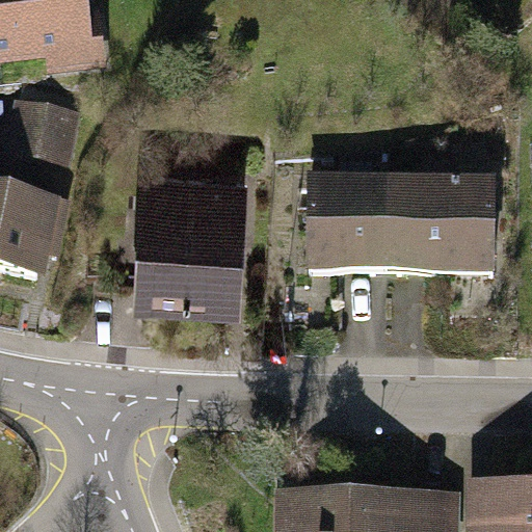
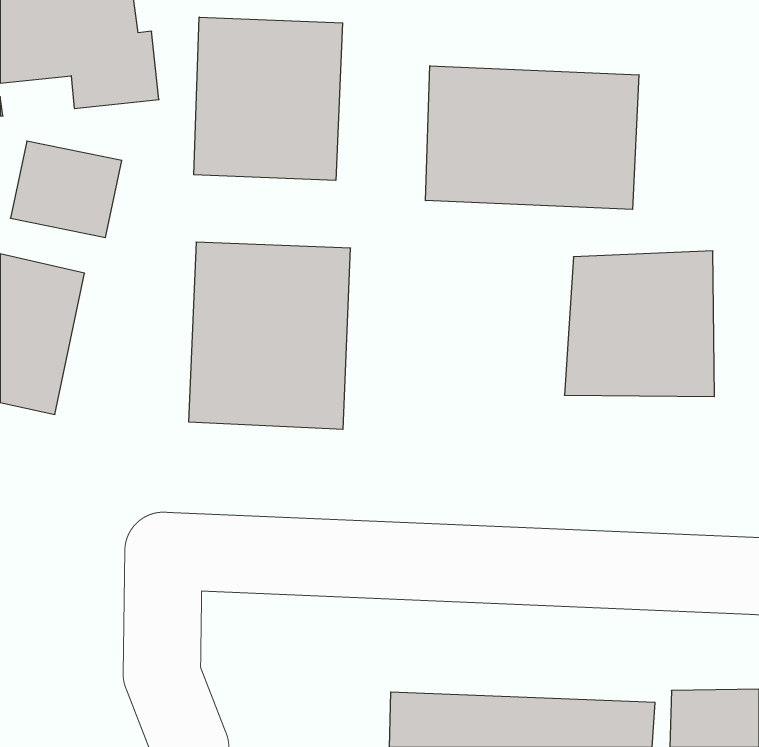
building: none -> [194,17,343,180]
building: none -> [425,66,639,209]
building: [303,177,401,276] -> none

